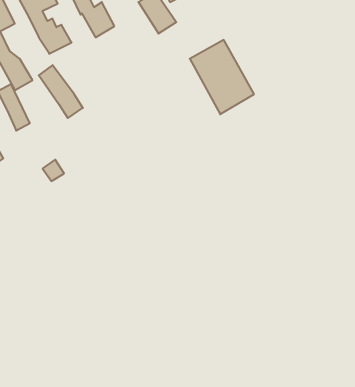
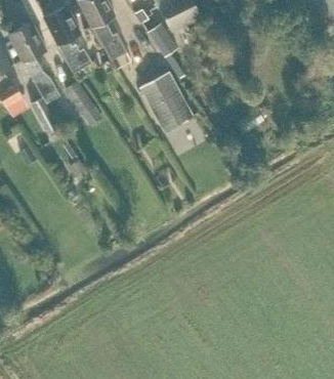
building: [190,40,254,114] -> [140,72,193,132]

